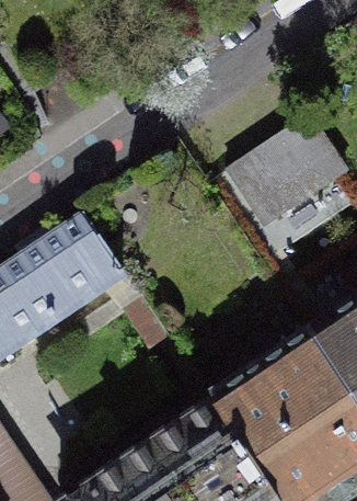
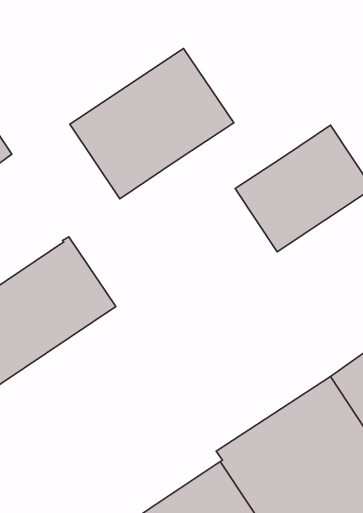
building: none -> [70,48,234,199]

